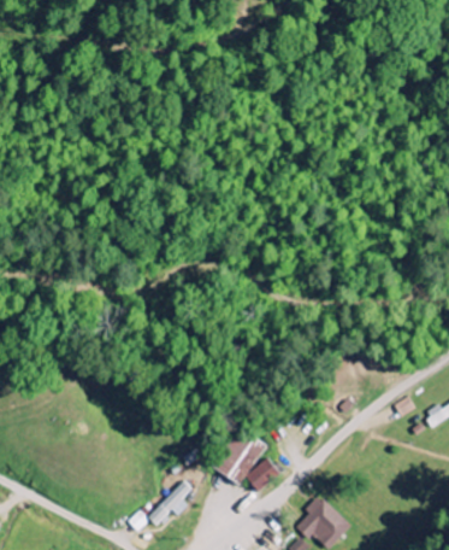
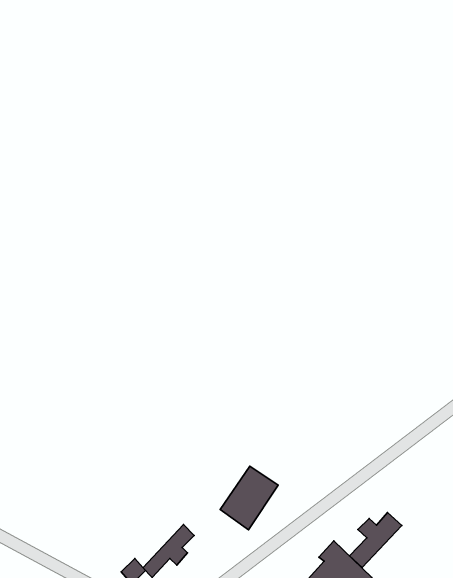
building: [246,458,280,491] -> none
building: none -> [349,512,402,567]

